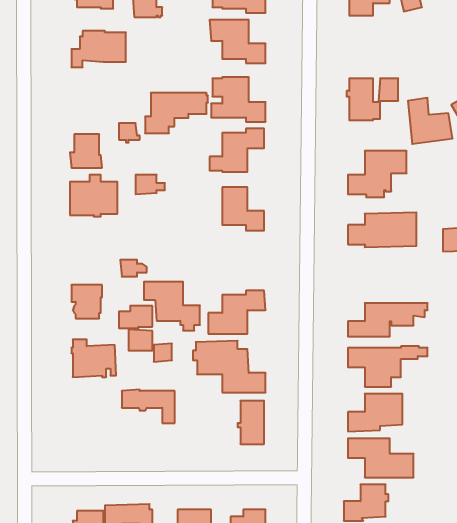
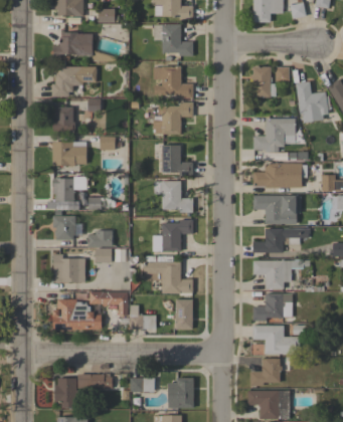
building: [145,93,208,133] -> [51,66,97,95]
building: none -> [52,176,87,201]
building: none -> [252,195,301,223]
building: [144,282,200,331] -> [153,181,193,216]
building: none -> [52,298,101,330]
building: none -> [130,306,156,329]

